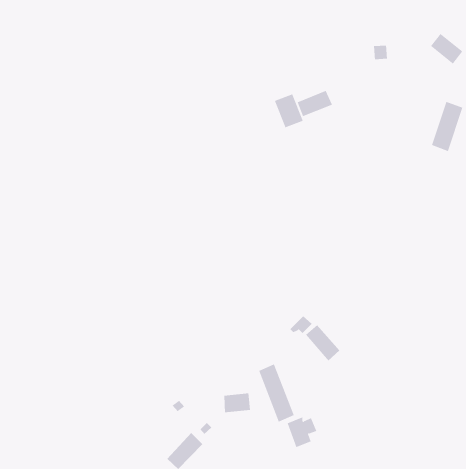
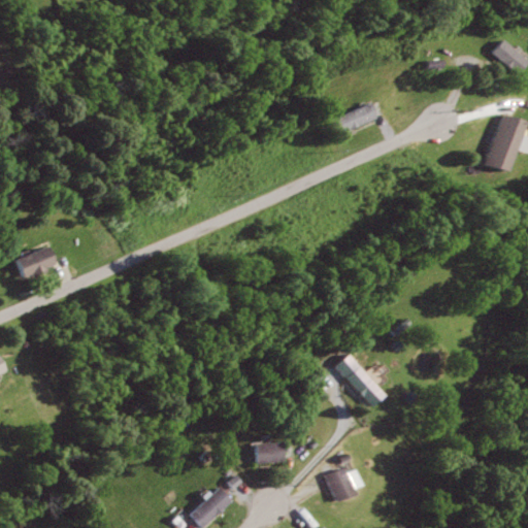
building: [274,93,303,128] -> none
building: none -> [16,248,54,278]
building: [258,364,294,422] -> none

